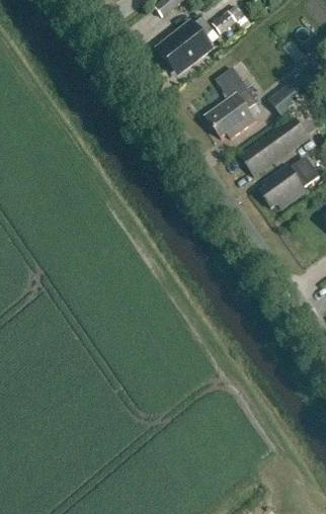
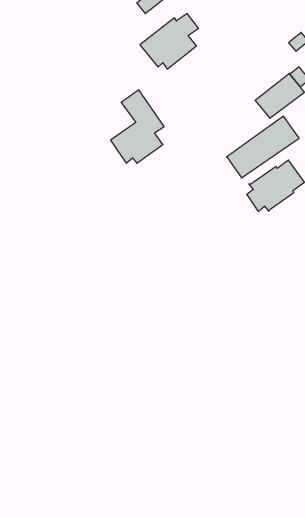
building: [205,66,256,137] -> [111,90,164,163]

